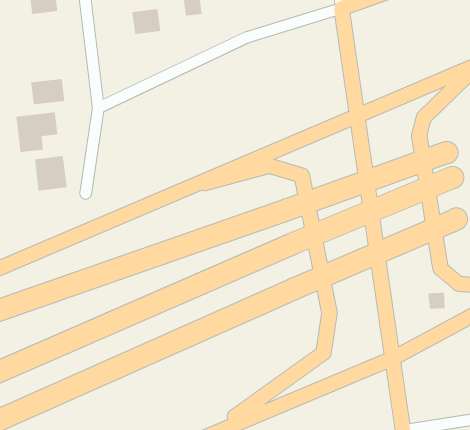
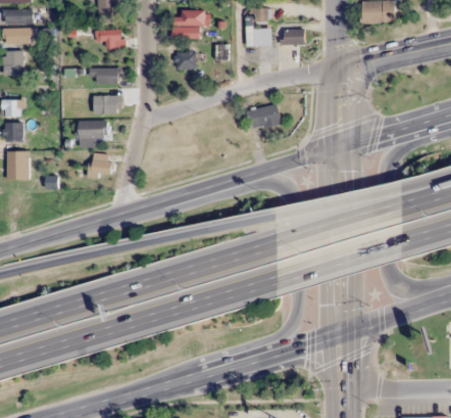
building: none -> [90,68,119,85]
building: none -> [246,104,281,130]

